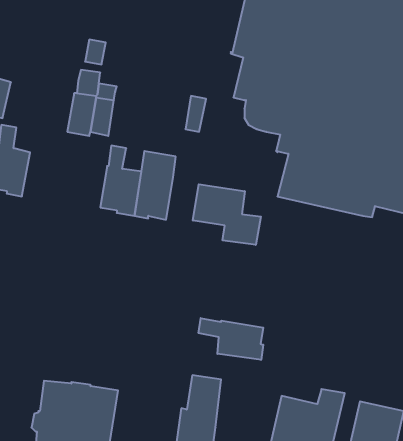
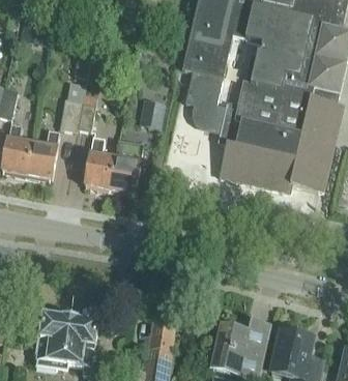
building: none -> [26,128,59,177]
building: [193,184,261,245] -> none
building: [199,318,263,360] -> none

